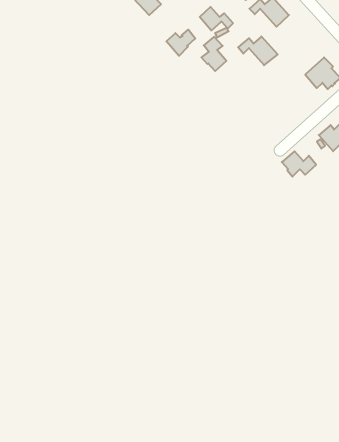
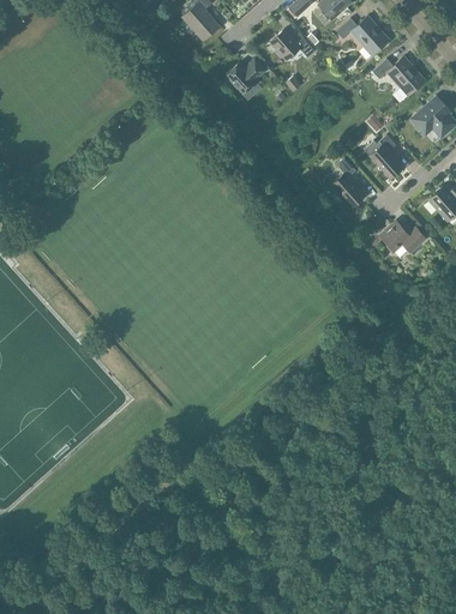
building: [238,36,278,65] -> [372,56,425,95]
building: [201,37,226,71] -> none
building: none -> [368,134,403,179]
building: none -> [330,157,364,207]

